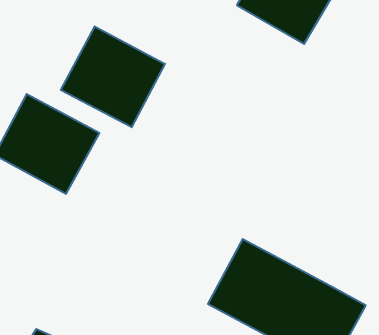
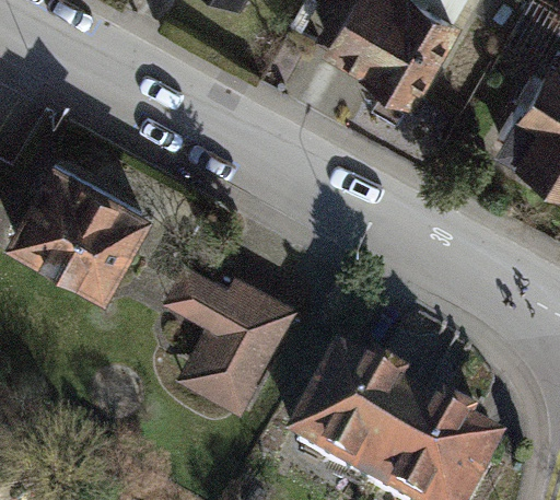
building: [61,26,165,127] -> none
building: none -> [162,261,292,410]

